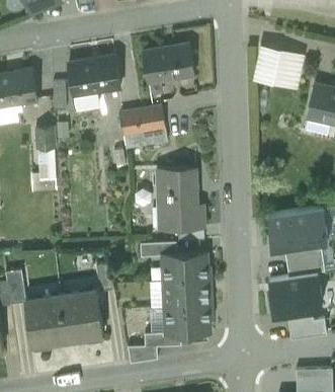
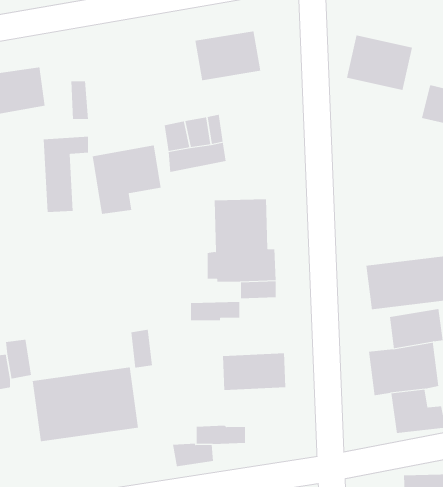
building: [69,56,119,107] -> [92,145,161,216]
building: [163,253,210,282] -> none
building: [165,305,211,333] -> none

